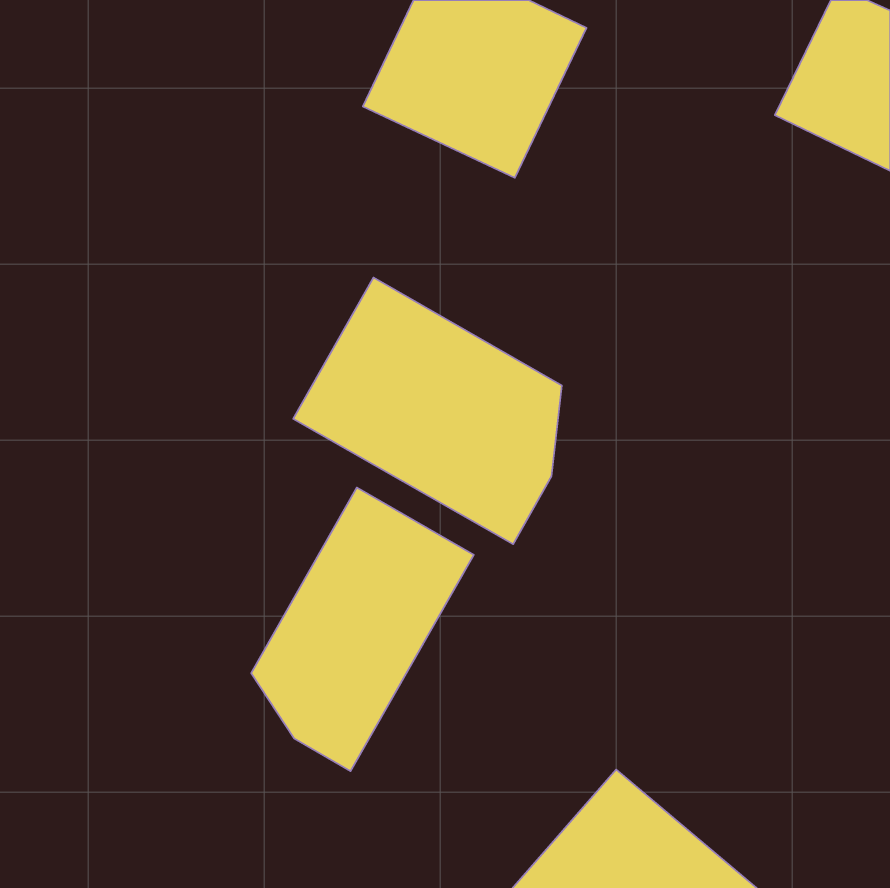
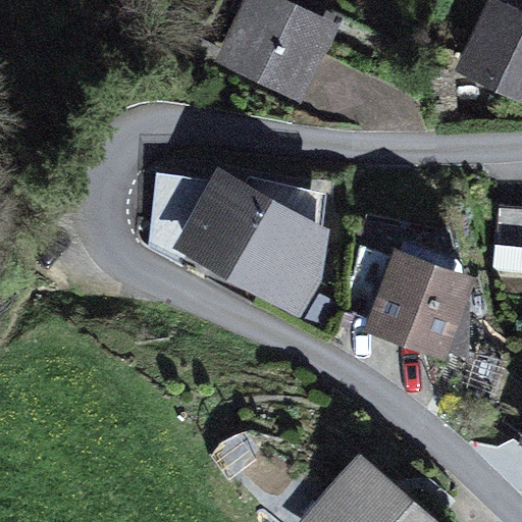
building: none -> [364,246,476,361]
building: [251,487,474,771] -> none

